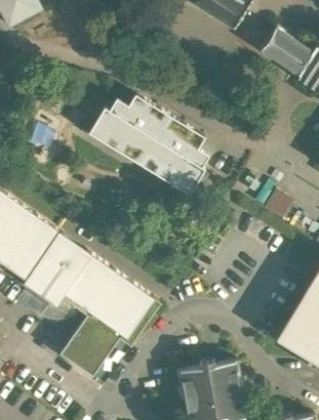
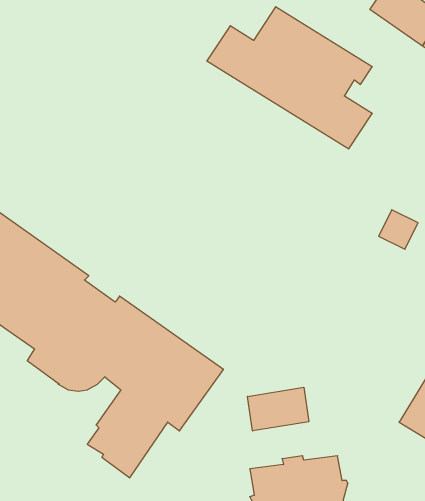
building: [88,95,204,195] -> [207,7,372,149]
building: none -> [248,387,309,431]

